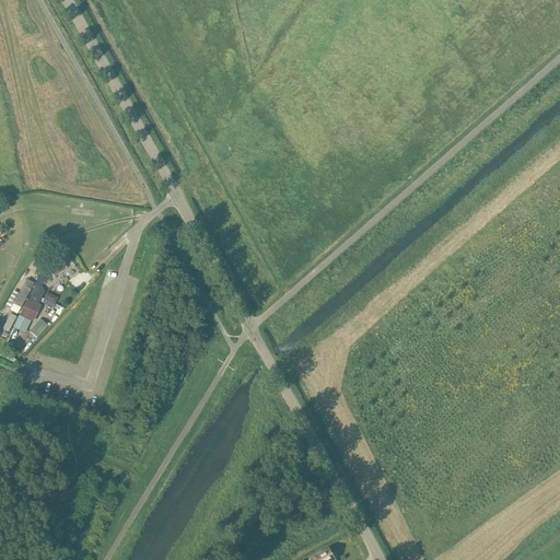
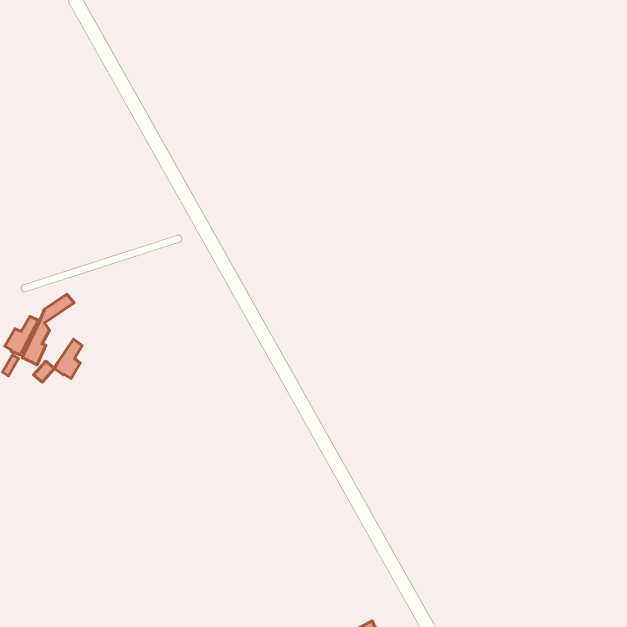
building: none -> [54,339,82,378]

